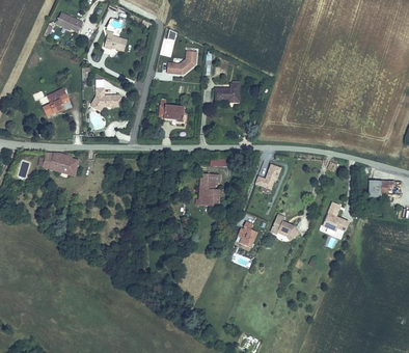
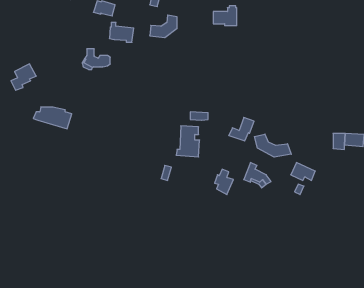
building: [215,81,241,103] -> [213,6,237,26]
building: [44,87,72,116] -> [11,64,36,90]
building: [160,99,187,120] -> [109,22,134,42]
building: none -> [254,134,291,157]

